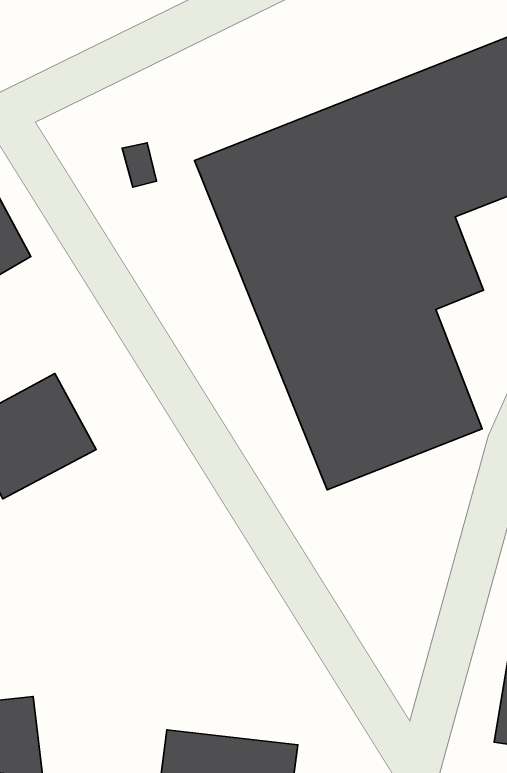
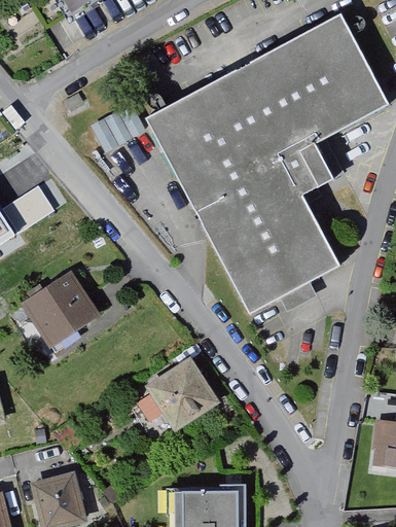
building: none -> [132,359,220,434]

